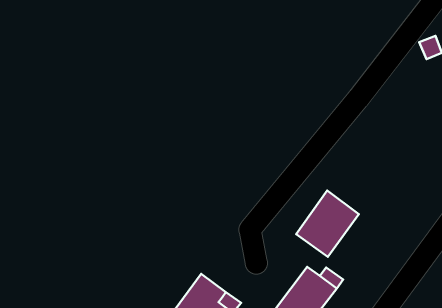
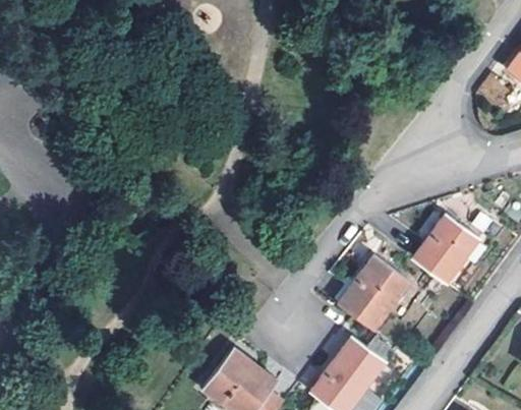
building: none -> [411,215,475,281]

